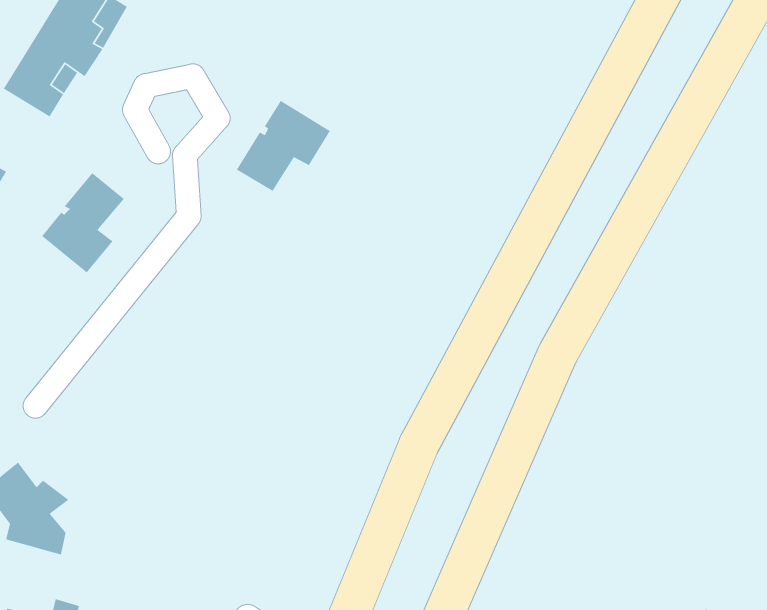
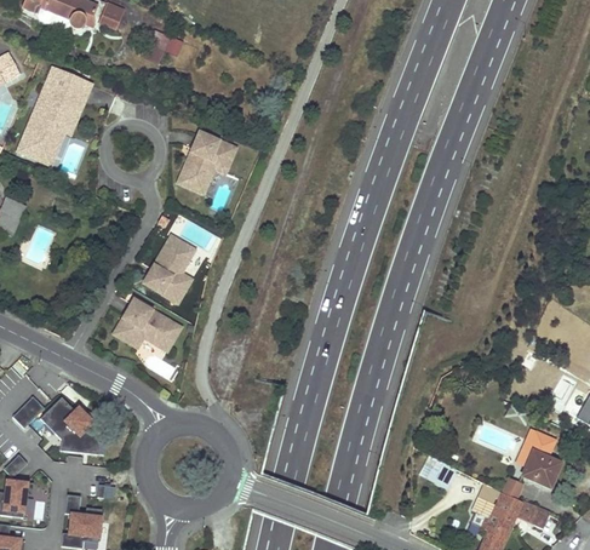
building: [41,172,125,274] -> [142,236,194,304]
building: none -> [111,299,179,351]

